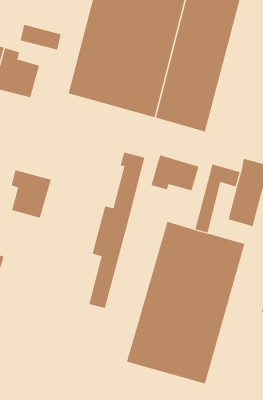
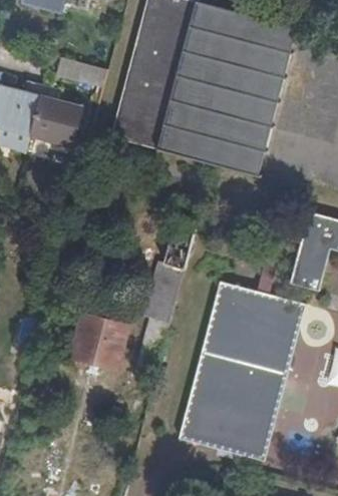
building: [151,154,199,191] -> none
building: [11,170,52,218] -> none
building: none -> [71,313,126,368]

